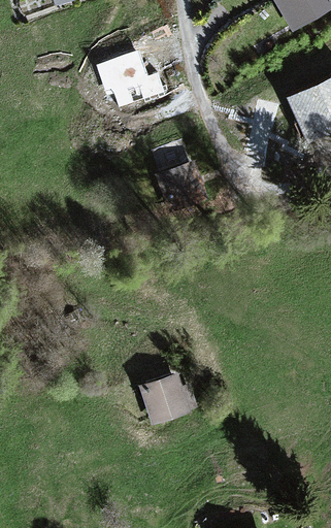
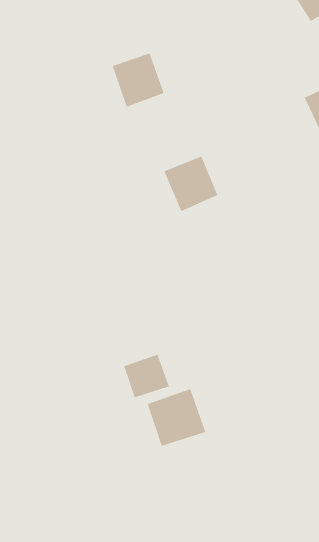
building: none -> [124,354,170,398]

